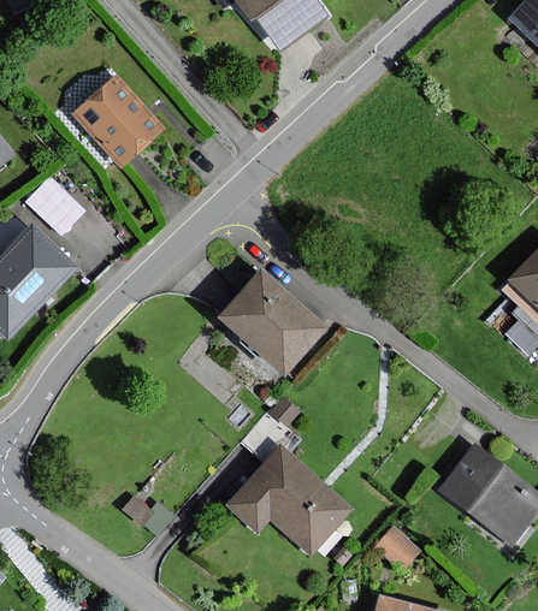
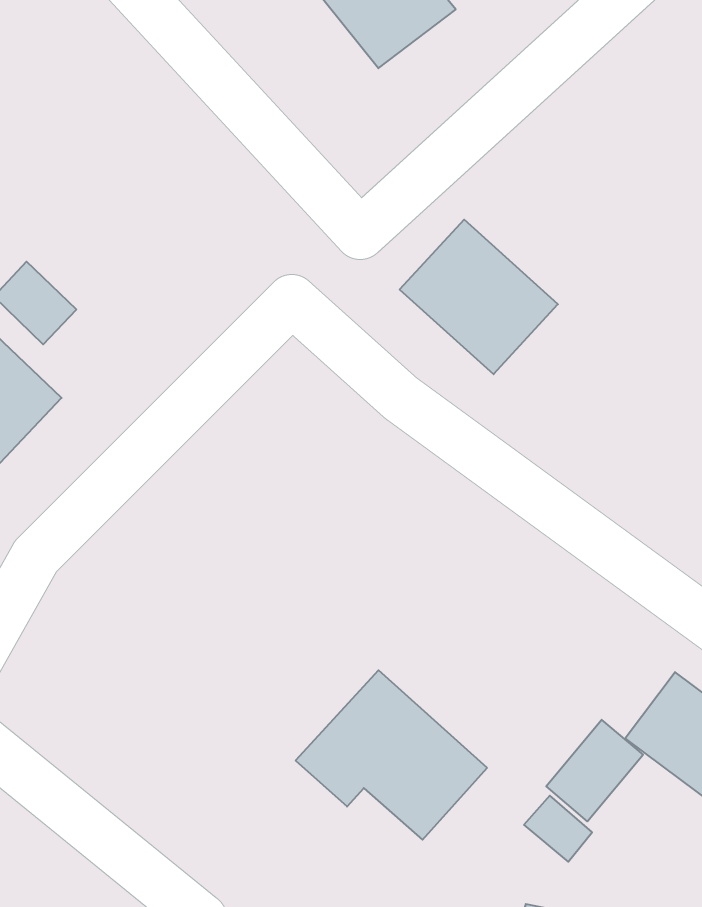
building: [77,76,161,161] -> none
building: [217,272,320,373] -> [400,220,558,374]
building: none -> [546,720,643,821]

